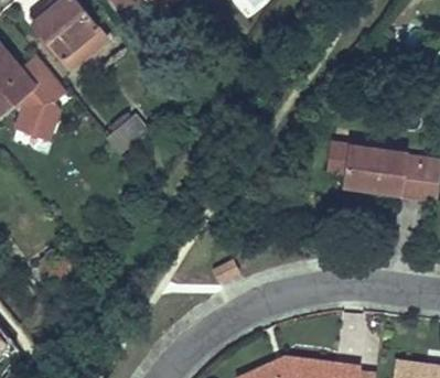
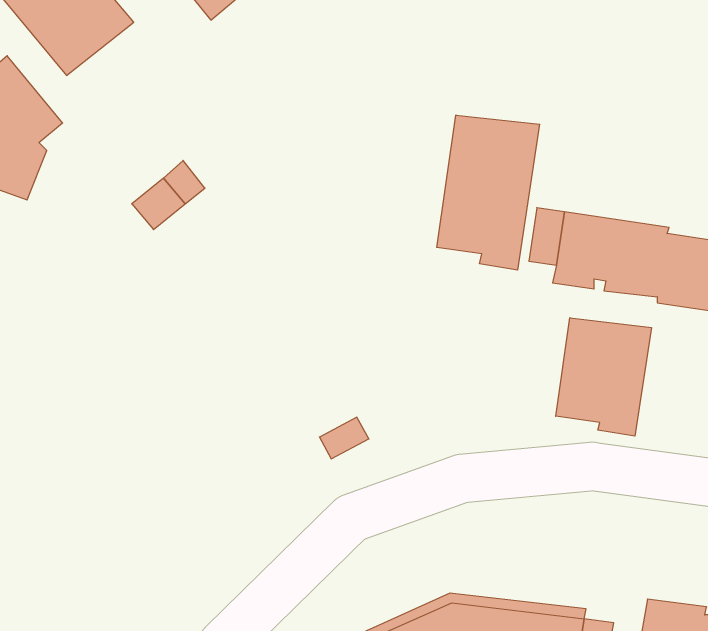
building: none -> [437,115,540,270]
building: none -> [556,318,651,436]

